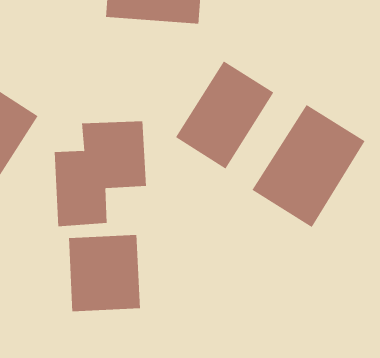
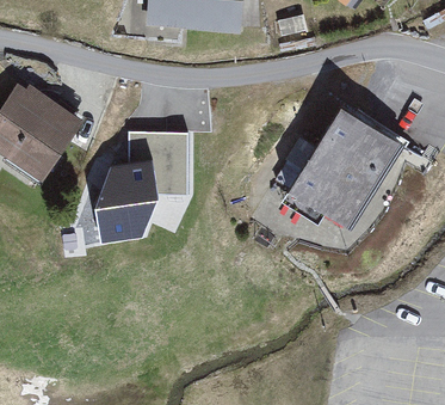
building: [175,60,274,169] -> none
building: [68,234,141,312] -> none

